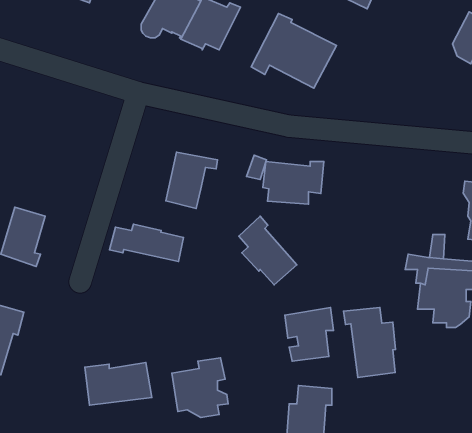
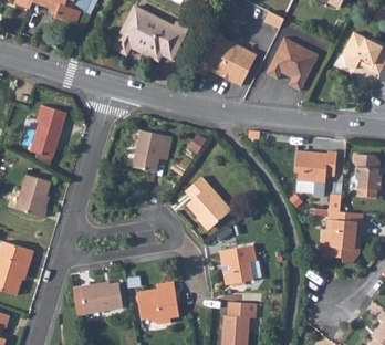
building: none -> [267,36,319,91]
building: none -> [29,105,64,157]
building: [263,161,324,204] -> [289,148,333,179]
building: [110,224,184,261] -> none
building: [343,308,395,377] -> none

